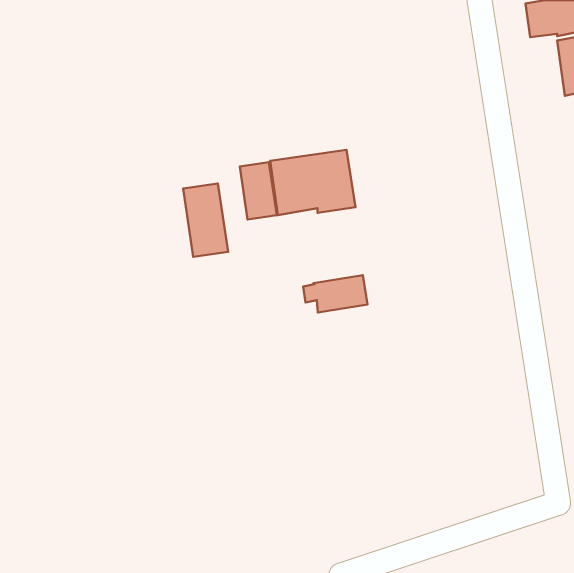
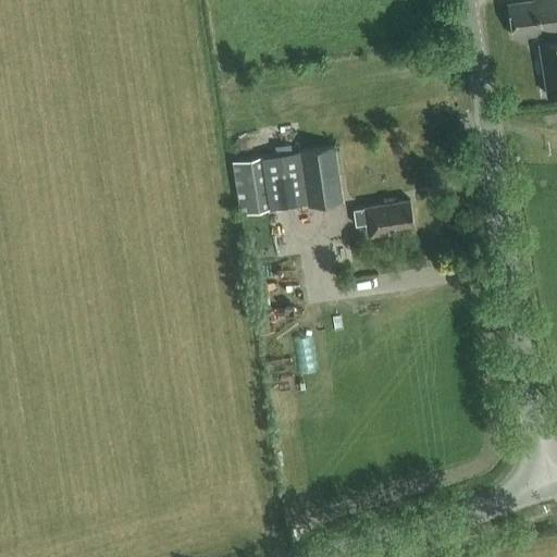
building: [183,184,228,257] -> none
building: [303,275,367,312] -> [352,201,414,237]

